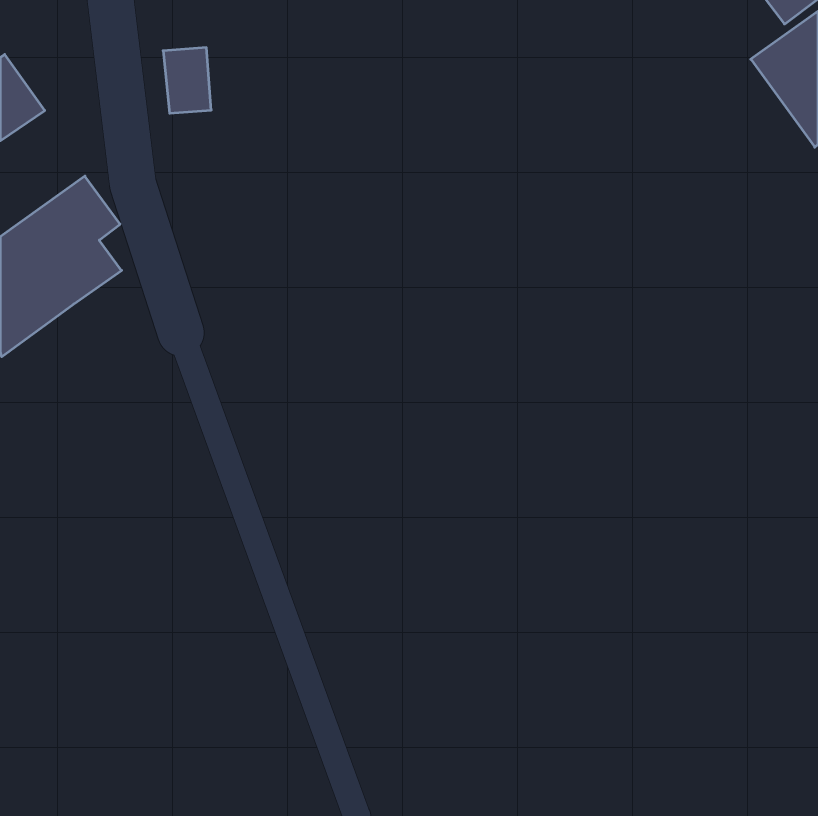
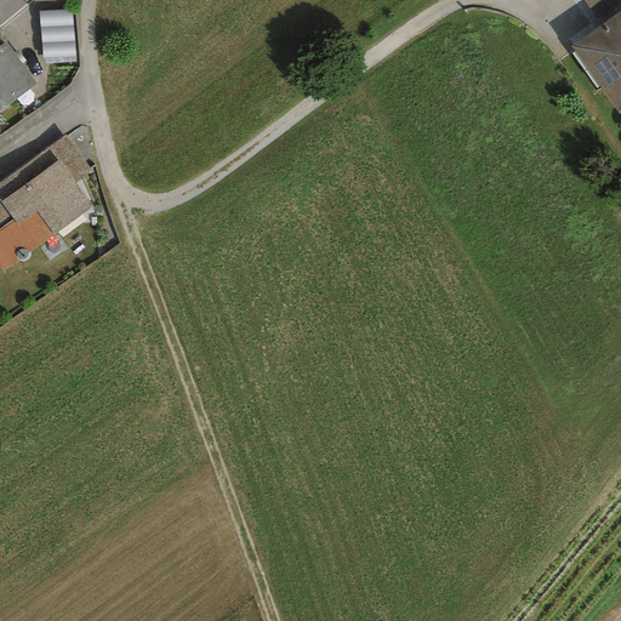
building: [163,48,211,113] -> [38,7,74,57]

